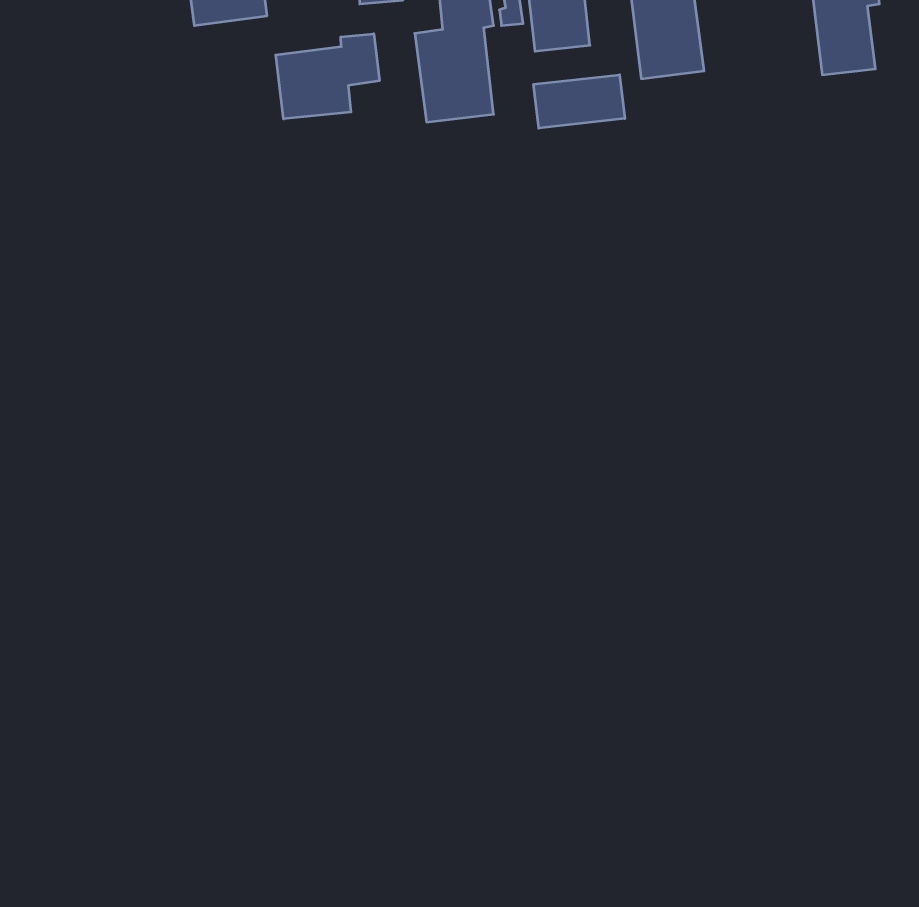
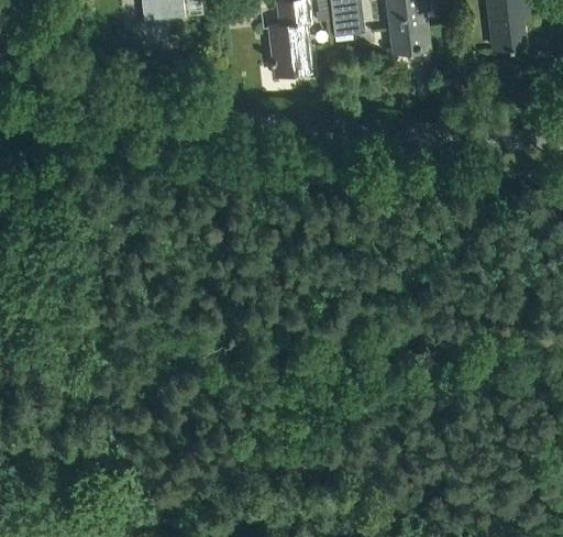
building: [276,34,379,119] -> none
building: [534,75,625,128] -> none

